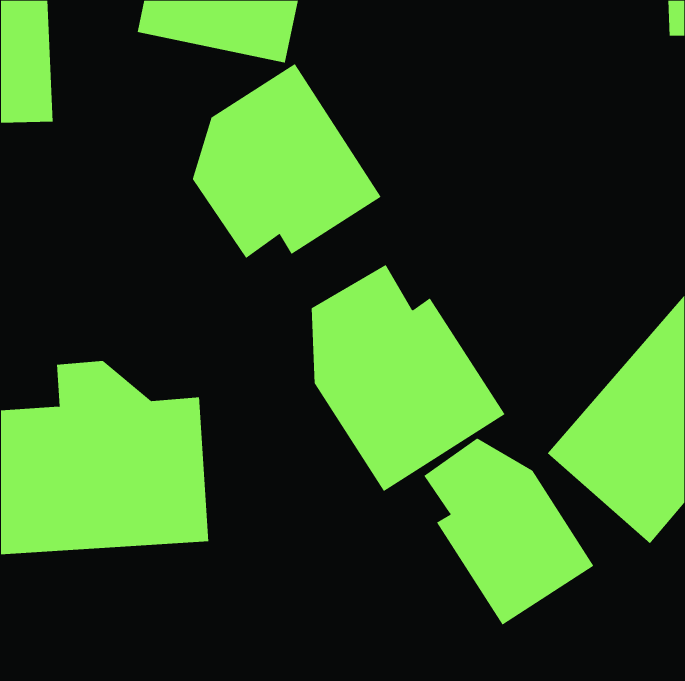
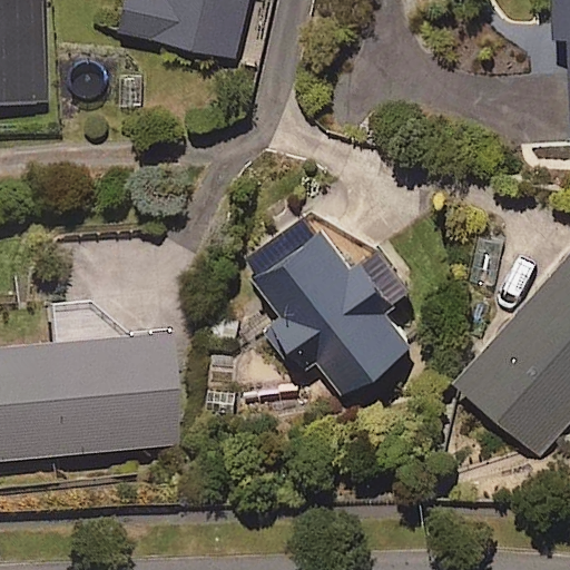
building: [192,63,381,259] -> none
building: [423,438,594,626] -> none

